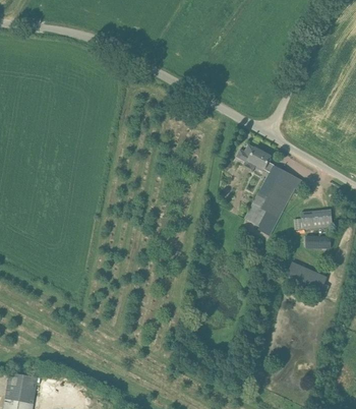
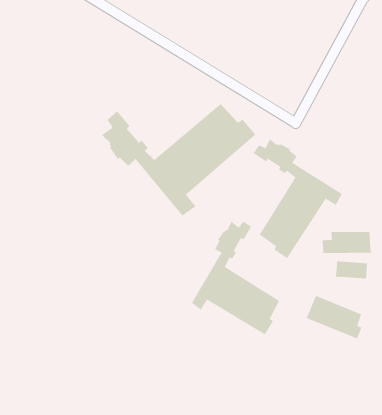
building: none -> [101,103,256,216]
building: none -> [191,221,280,335]

